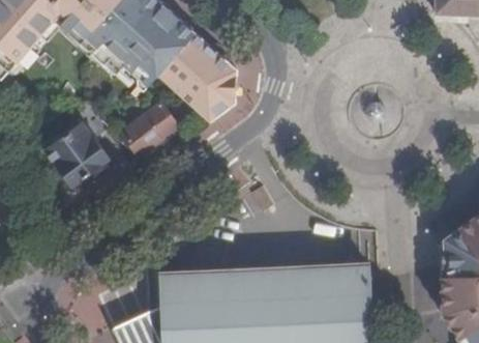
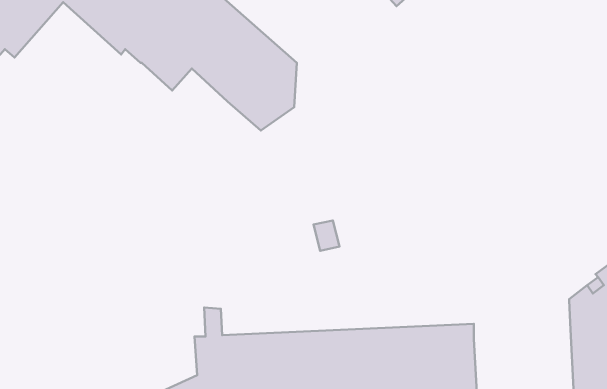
building: [46,99,111,184] -> none
building: [122,104,177,154] -> none

